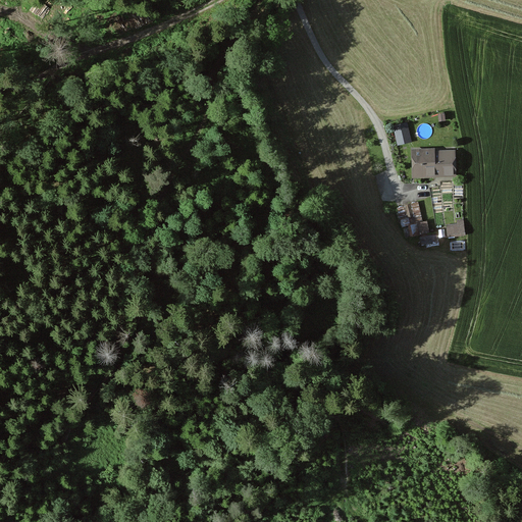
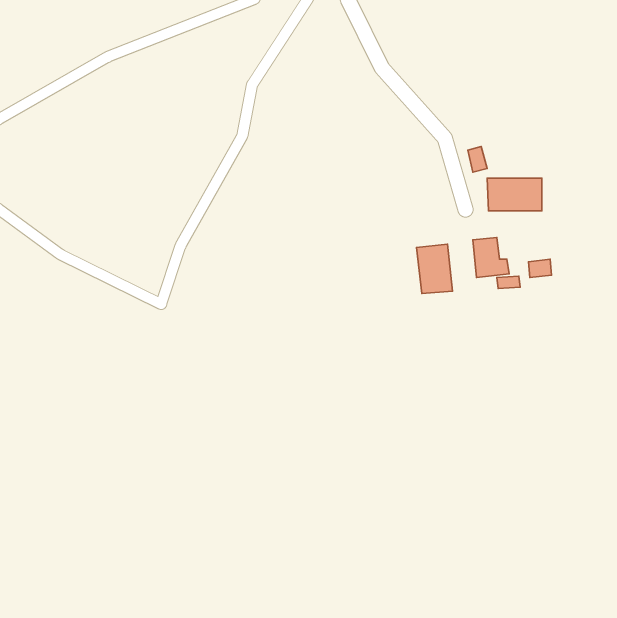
building: none -> [417,244,453,293]

